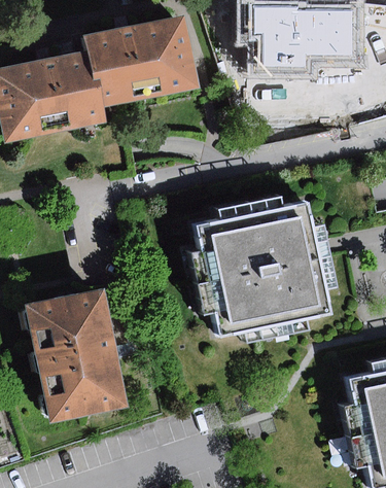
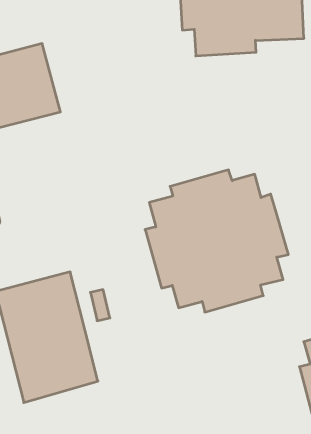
building: [86,15,202,106] -> none

